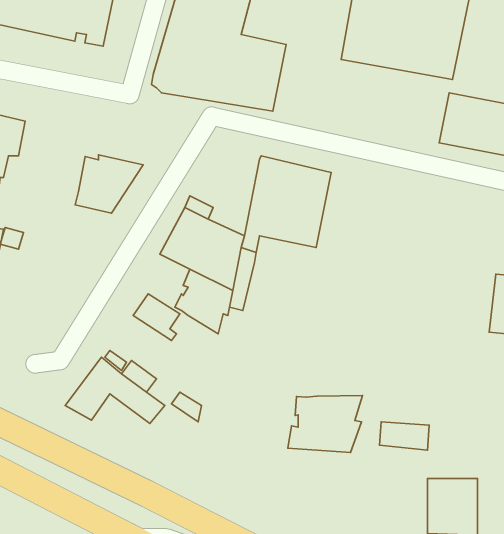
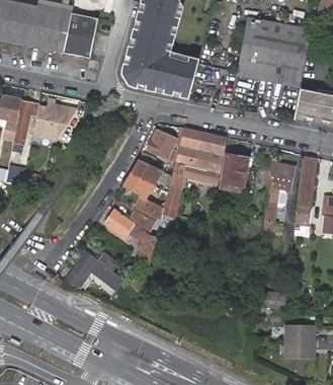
building: [75,155,143,213] -> [34,104,76,140]
building: none -> [147,130,176,158]
building: none -> [221,154,247,189]
building: none -> [296,156,317,221]
building: none -> [266,161,296,216]
building: none -> [129,221,158,263]
building: [288,395,362,453] -> none

